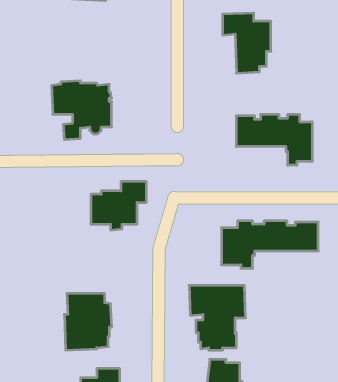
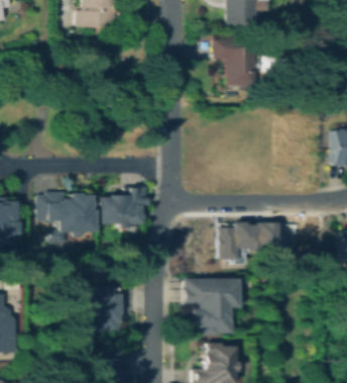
building: [52,81,112,140] -> [41,192,94,244]
building: [236,114,312,165] -> none

